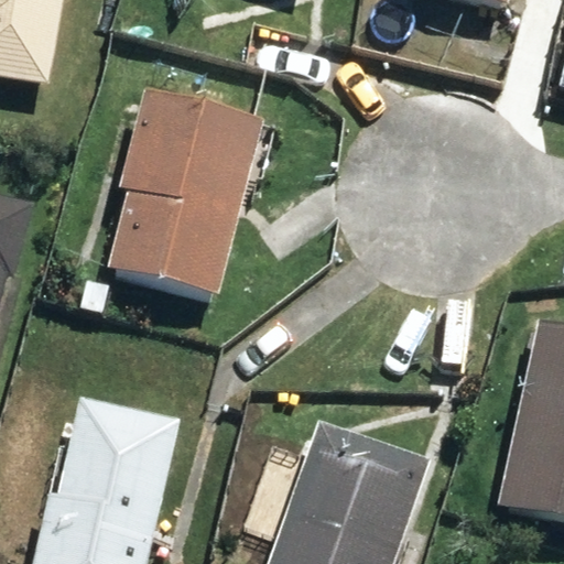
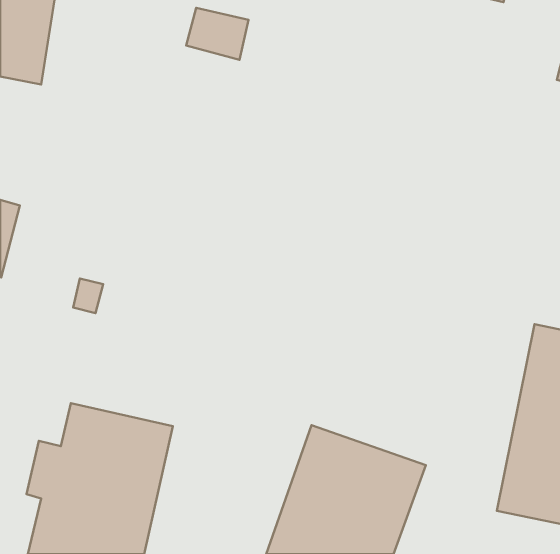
building: [108,91,261,295] -> none

